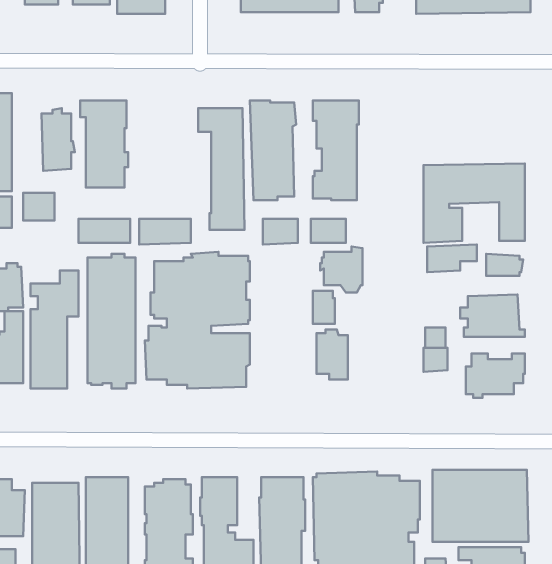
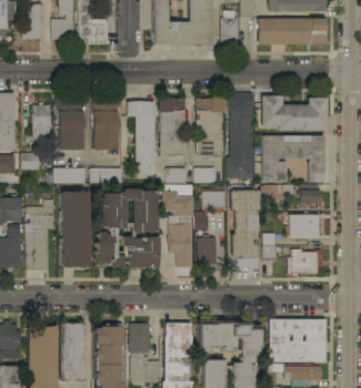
building: none -> [228,93,255,178]
building: none -> [262,95,328,131]
building: none -> [94,98,122,150]
building: none -> [231,191,262,269]
building: none -> [163,193,193,217]
building: none -> [169,223,193,268]

